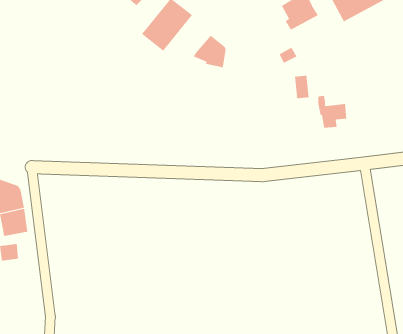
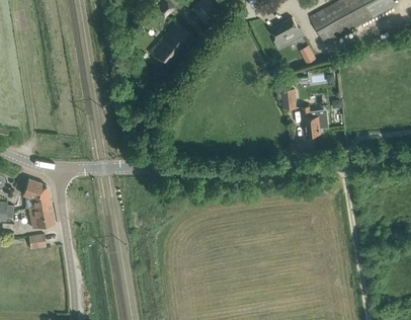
building: [193,35,226,68] -> none

